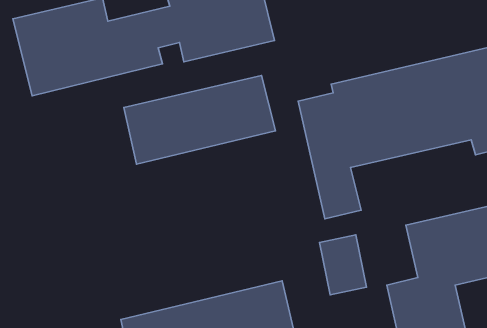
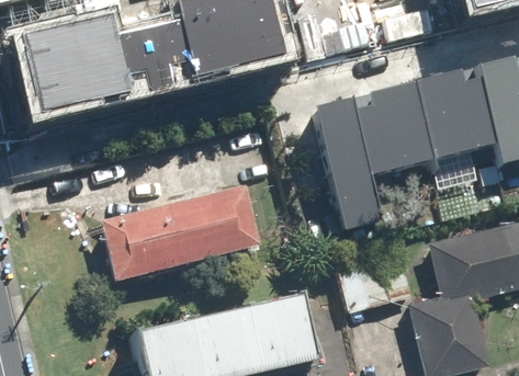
building: [124,75,275,164] -> [102,189,258,280]

